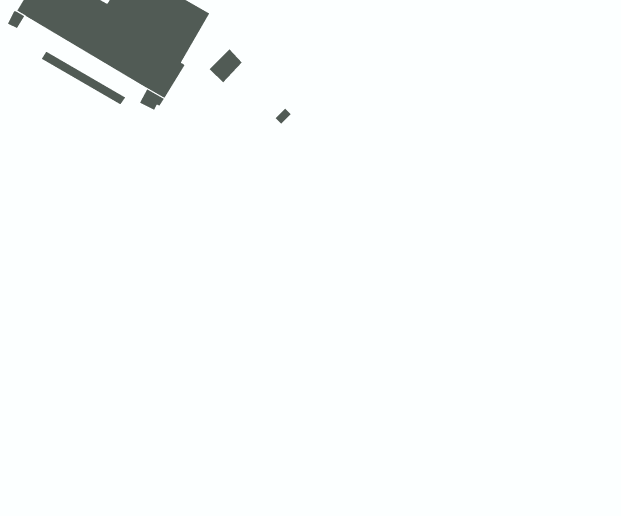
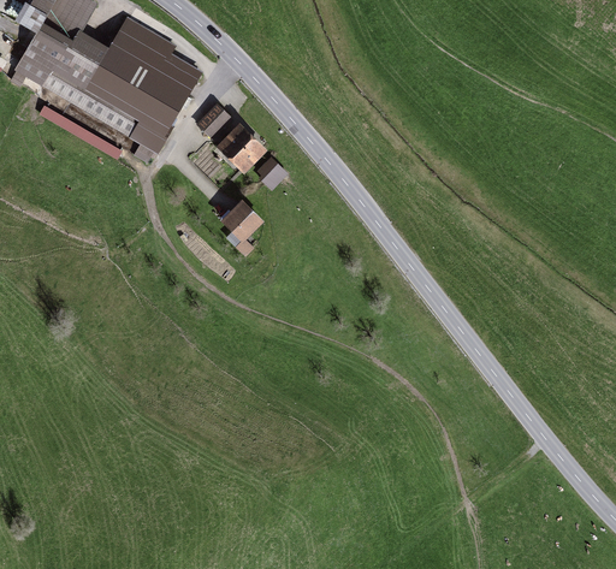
building: none -> [223,126,262,166]
building: none -> [224,200,261,237]

